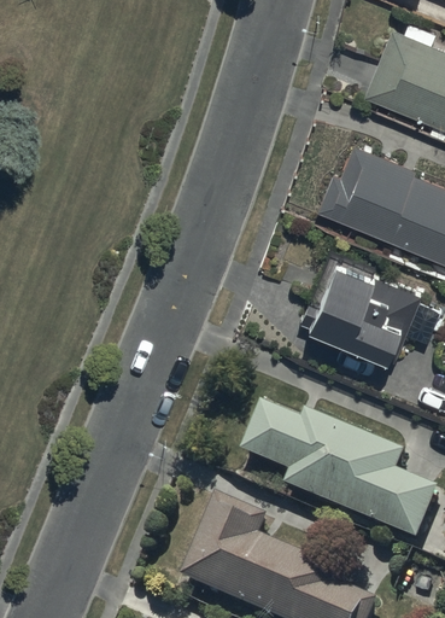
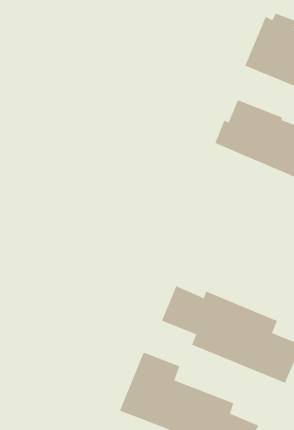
building: [299,263,421,362] -> none

